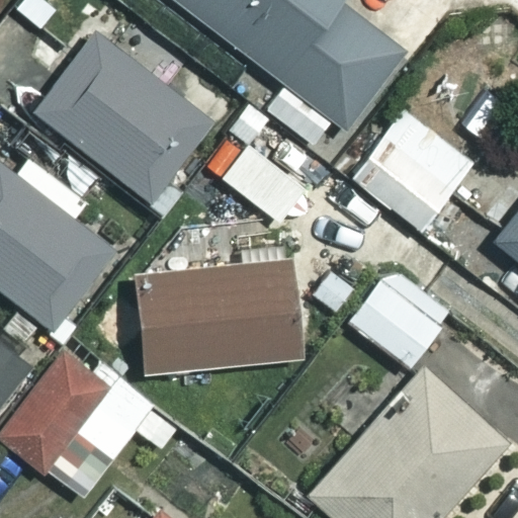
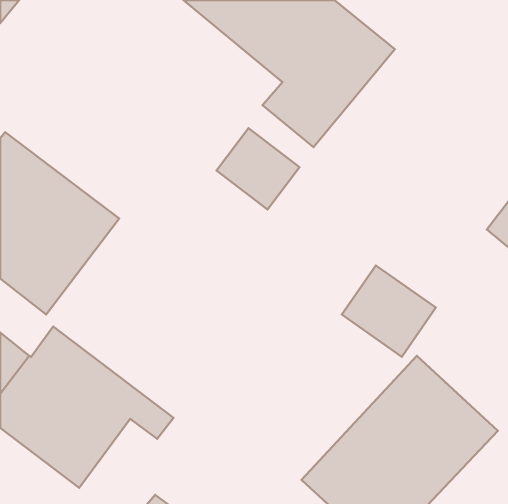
building: [34,31,213,201] -> none
building: [351,110,473,231] -> none
building: [137,266,296,370] -> none

